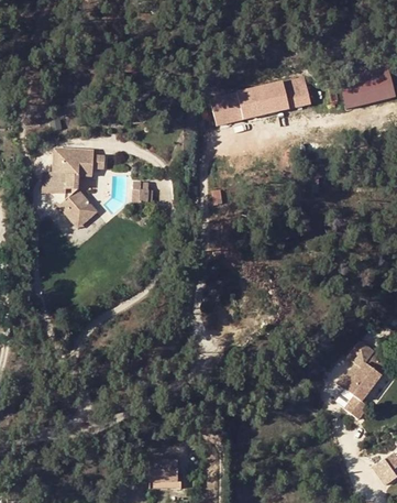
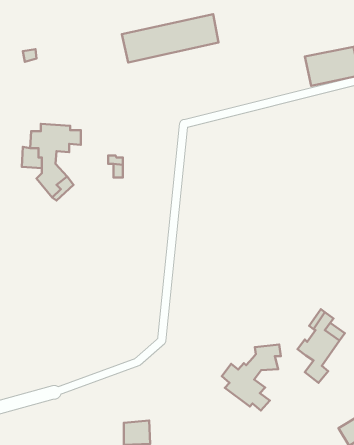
building: [211,75,312,125] -> [122,14,219,62]
building: none -> [222,345,281,411]

